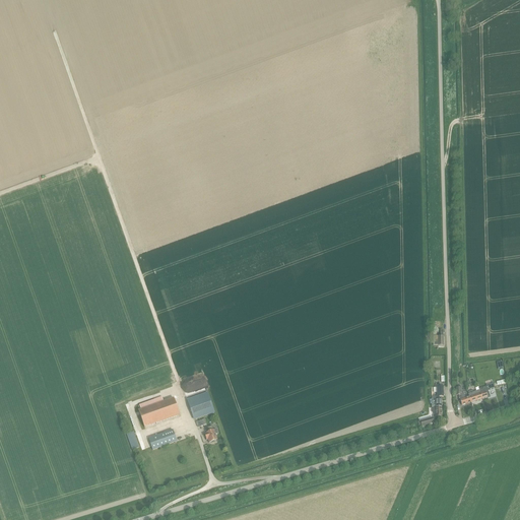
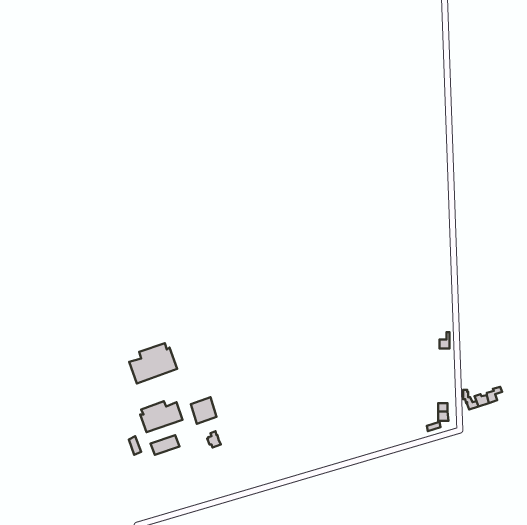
building: none -> [129,343,177,384]

